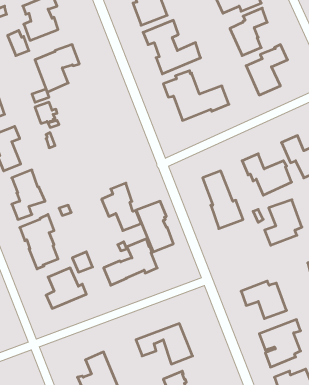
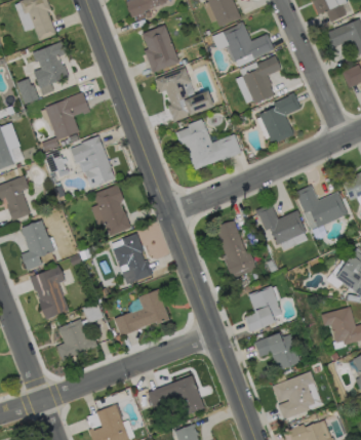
building: none -> [71,135,115,188]
building: [265,200,302,245] -> [244,286,282,332]
building: [136,201,173,252] -> [93,185,131,236]

